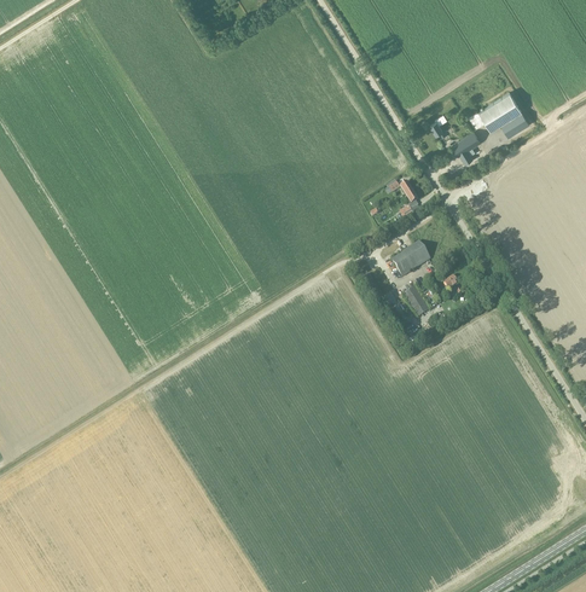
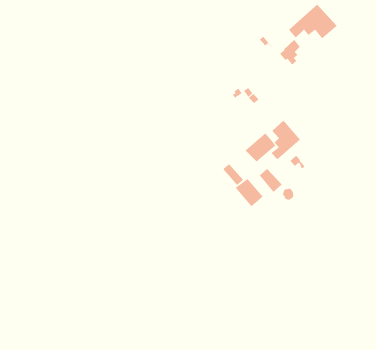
building: none -> [271,120,301,160]
building: none -> [235,178,263,207]

